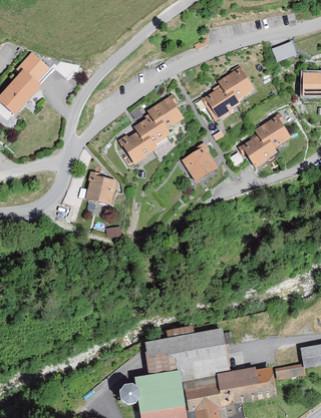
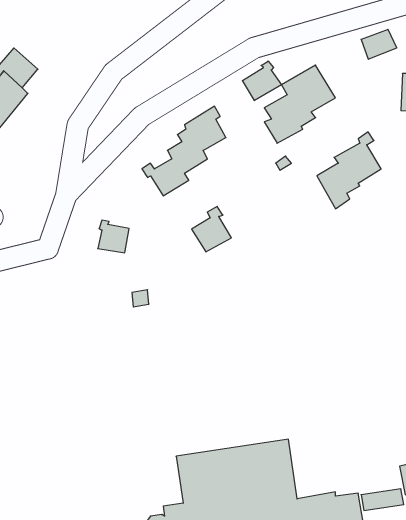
building: none -> [242,61,281,101]
building: [186,144,214,176] -> [192,206,231,252]

